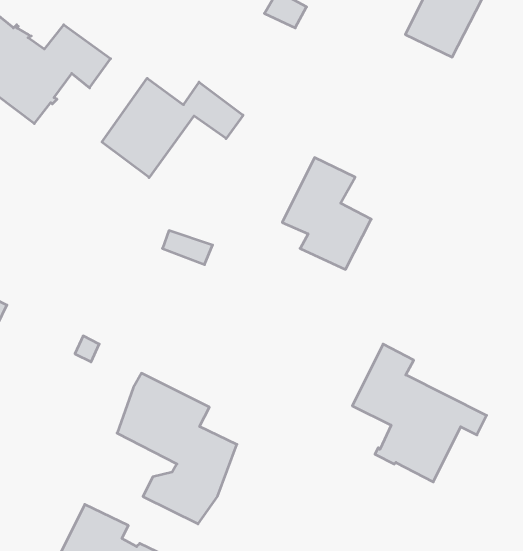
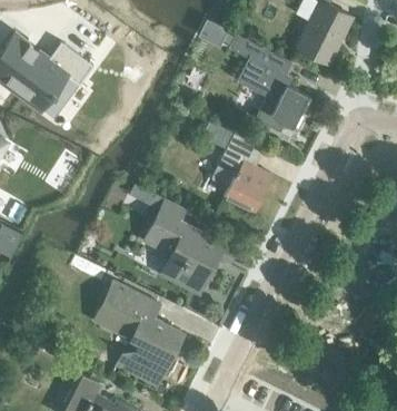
building: none -> [229,35,311,135]
building: [102,78,243,178] -> none
building: [352,344,487,482] -> [143,199,236,294]

